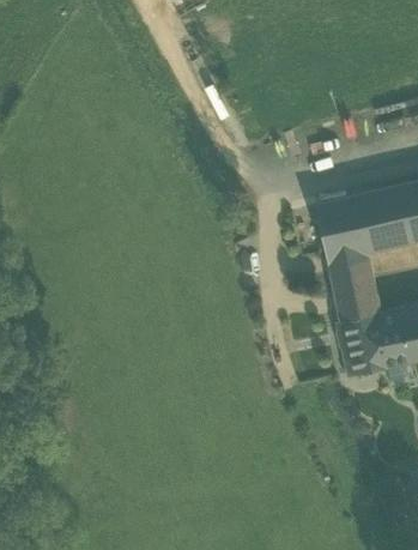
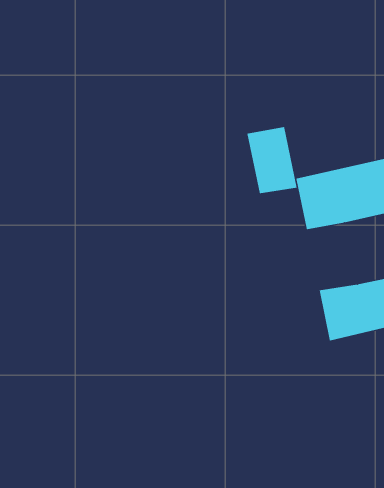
building: [326,250,378,320] -> [246,126,298,194]

